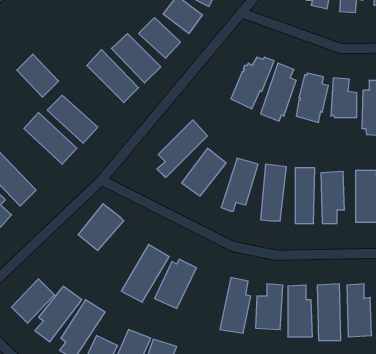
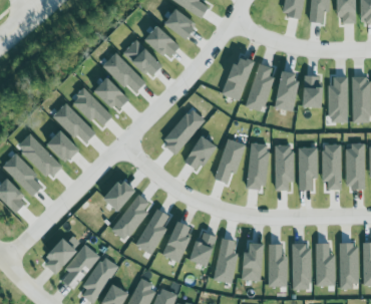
building: [17,54,59,97] -> [96,77,130,112]
building: none -> [48,130,81,164]
building: none -> [109,197,151,245]
building: none -> [191,231,219,266]

